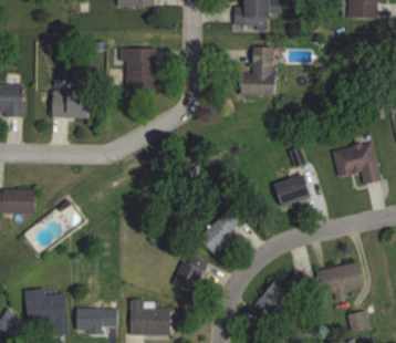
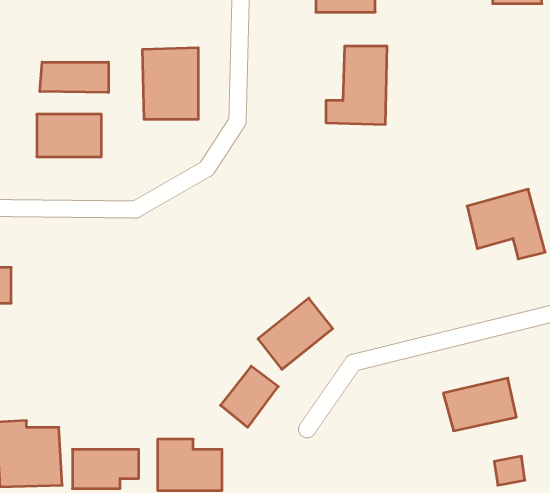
building: none -> [40,62,108,93]
building: [273,173,314,207] -> none
building: [257,280,295,320] -> none

